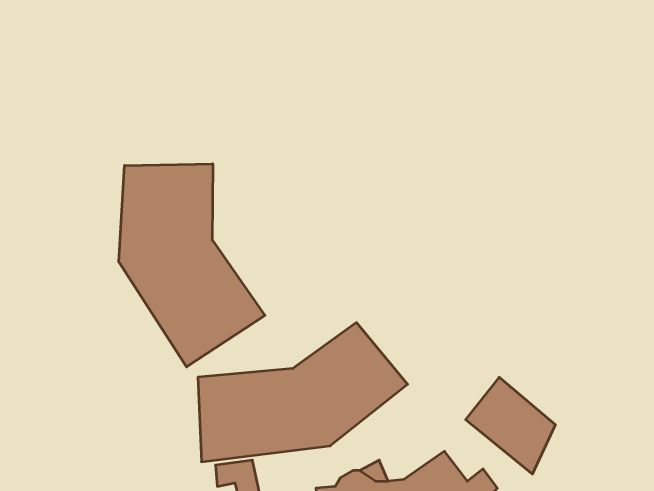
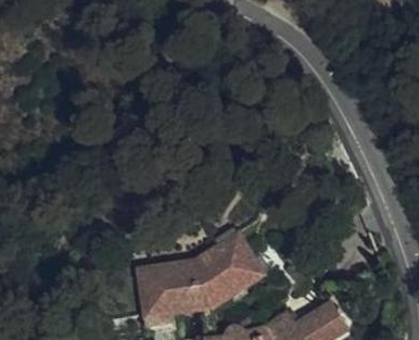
building: [119,164,265,367] -> none

